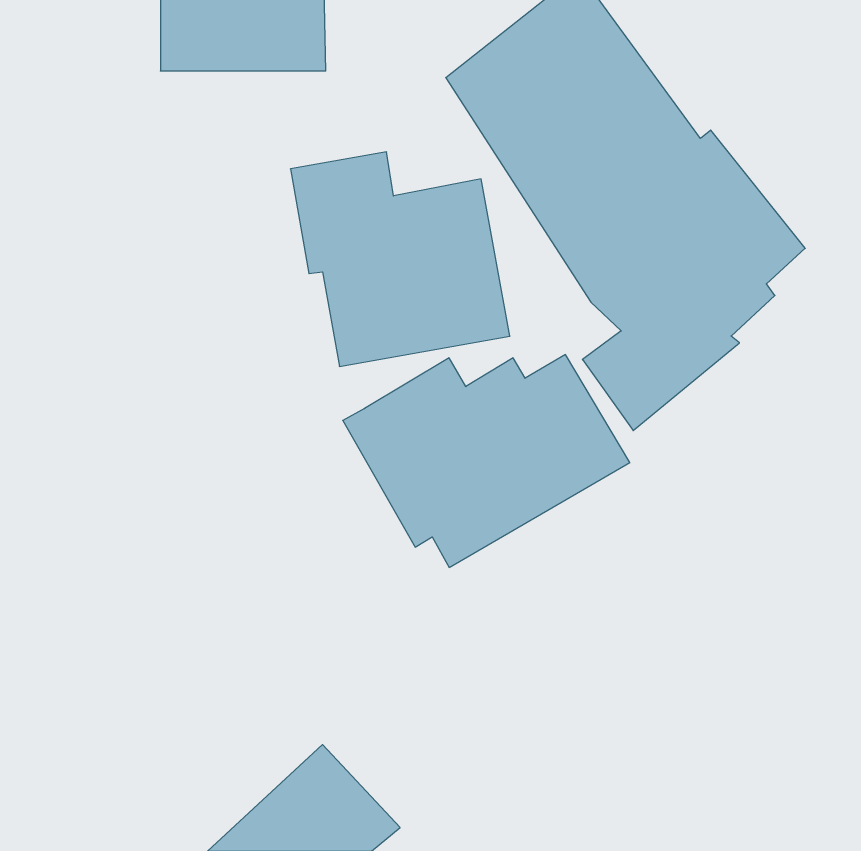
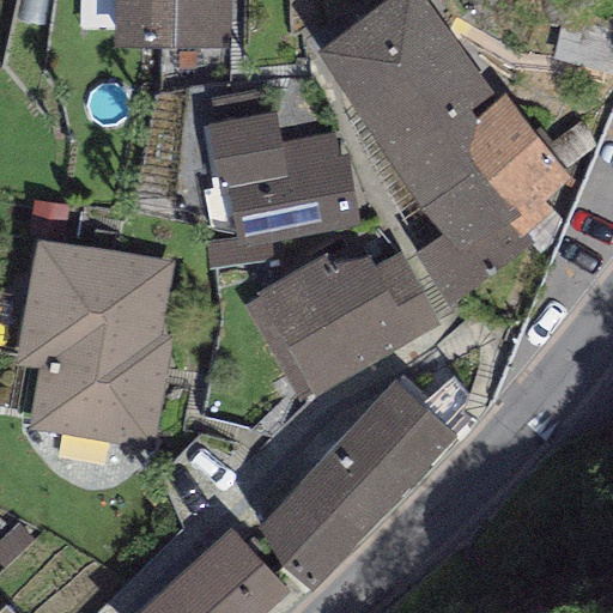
building: none -> [17,241,172,444]
building: none -> [253,382,455,588]

